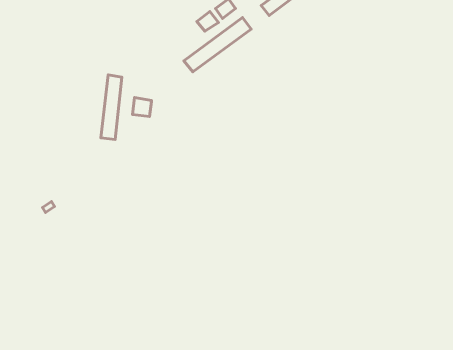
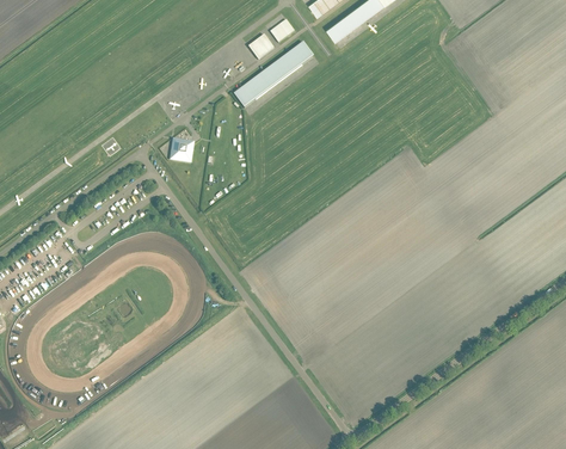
building: [101,75,122,139] -> none

